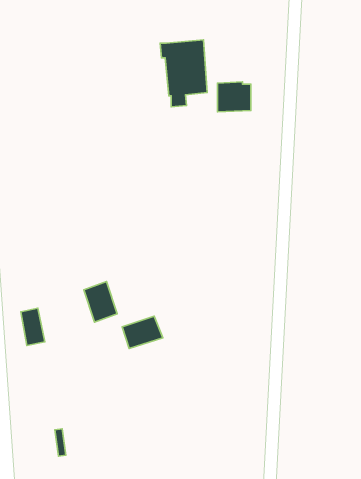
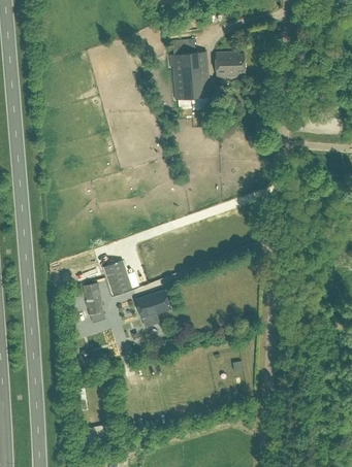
building: [217,82,251,112] -> [215,52,244,77]
building: [21,308,45,345] -> [83,282,103,314]

